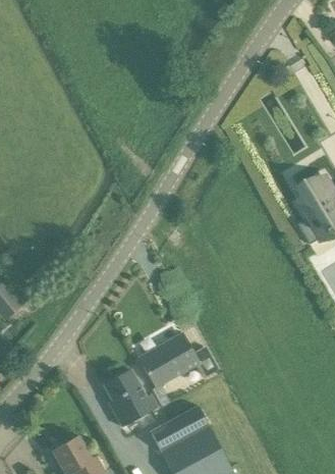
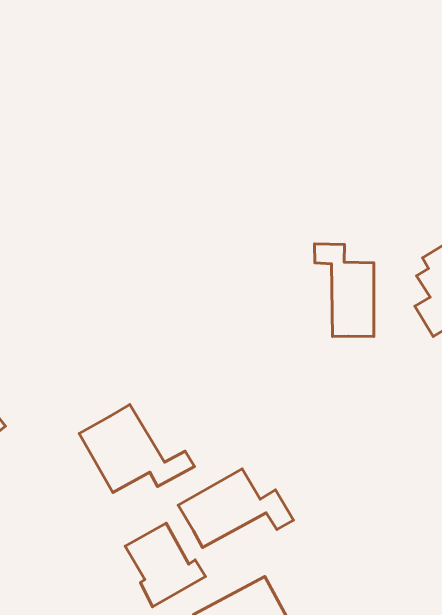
building: none -> [314,244,374,336]
building: none -> [79,405,194,492]

